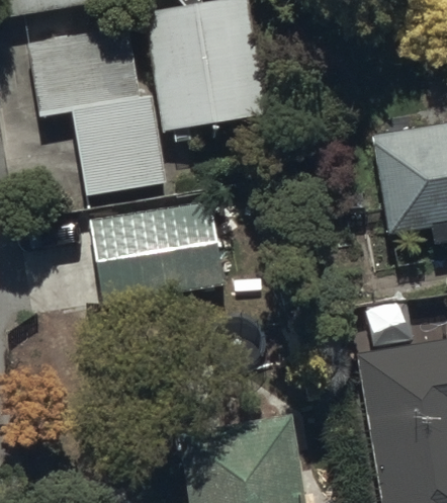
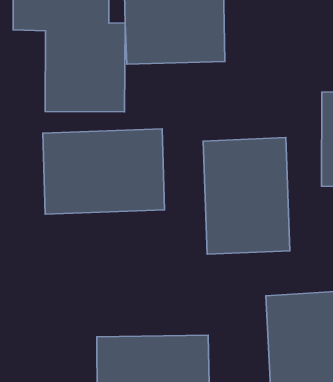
building: none -> [203,138,290,254]

